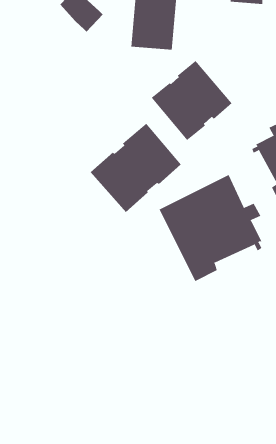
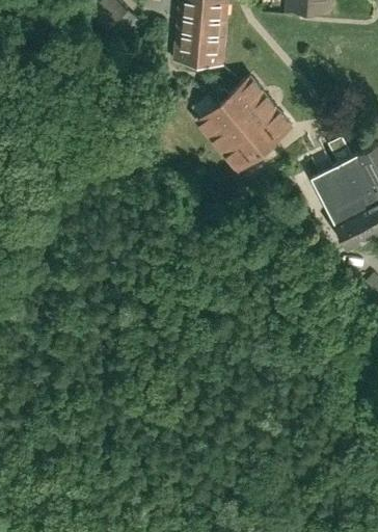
building: [90,123,182,213] -> none
building: [159,174,262,282] -> none

